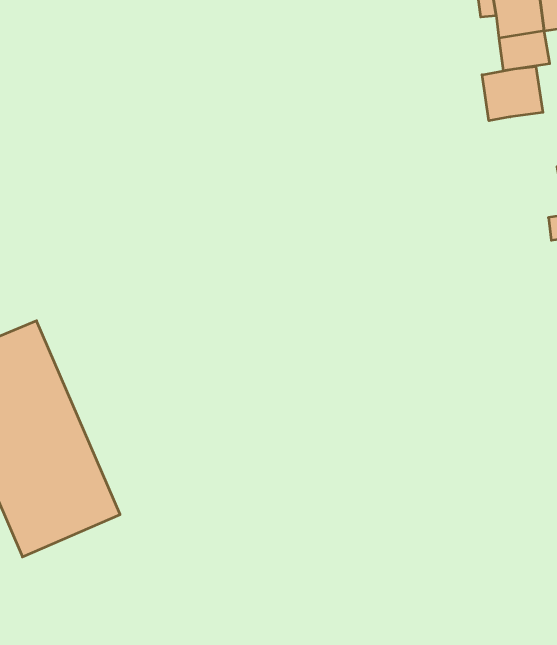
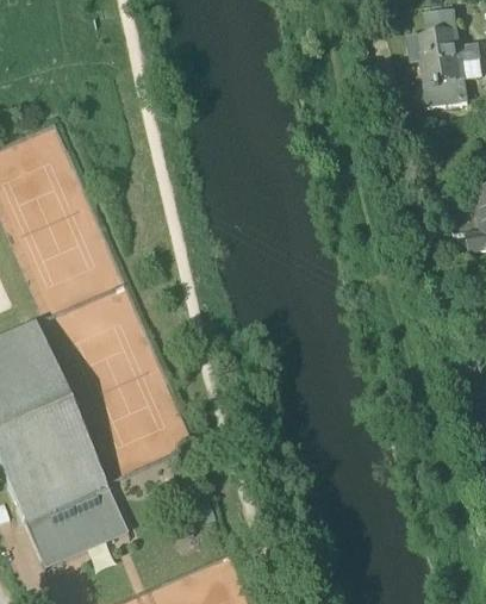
building: [482,66,543,121] -> none
building: none -> [24,484,124,559]

